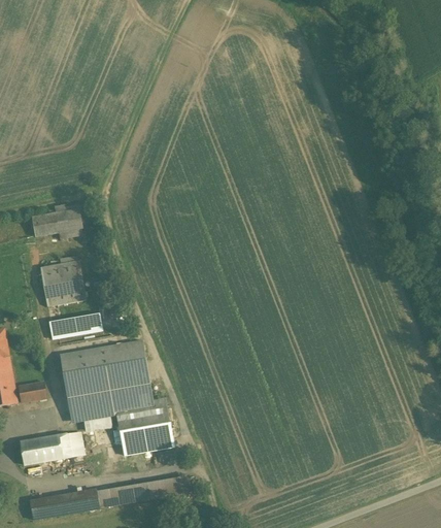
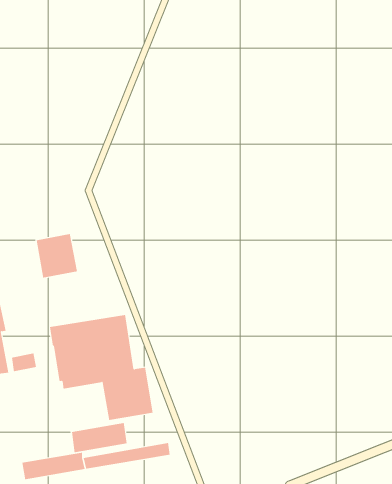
building: [33,203,73,232] -> none
building: [48,314,100,338] -> none
building: [20,431,80,464] -> [71,422,127,453]

